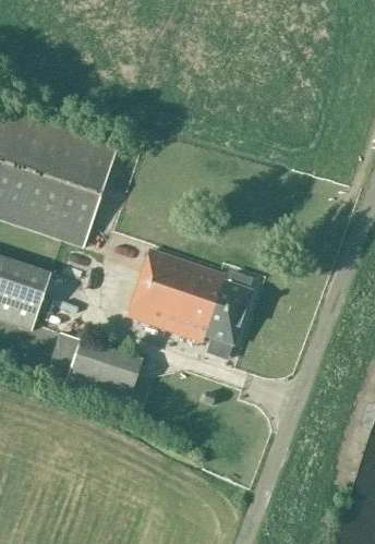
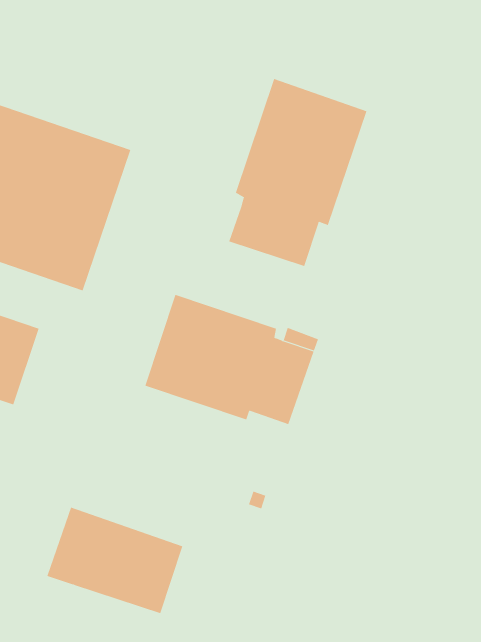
building: none -> [229,78,367,267]
building: [43,331,142,409] -> [47,507,183,614]

